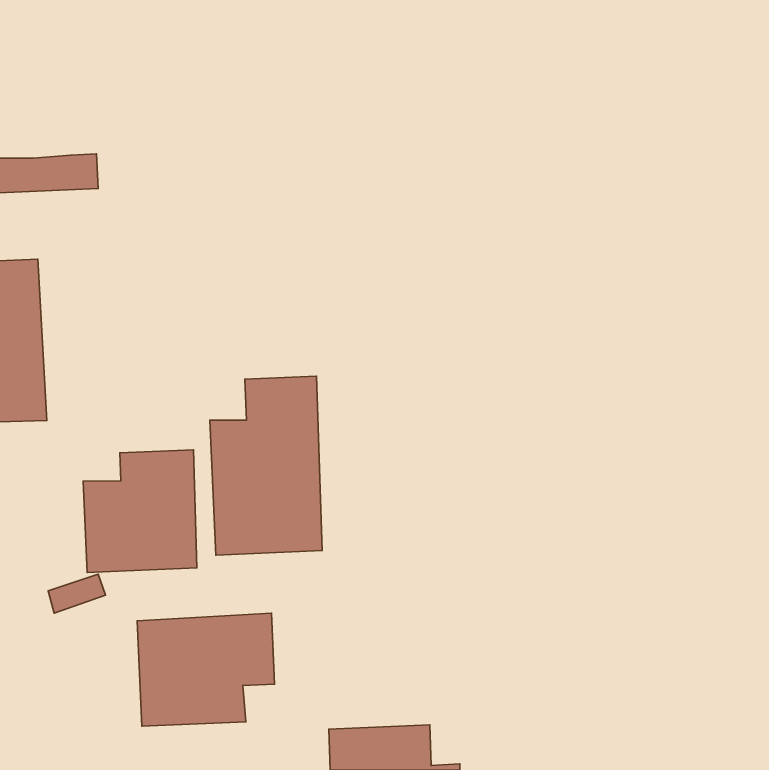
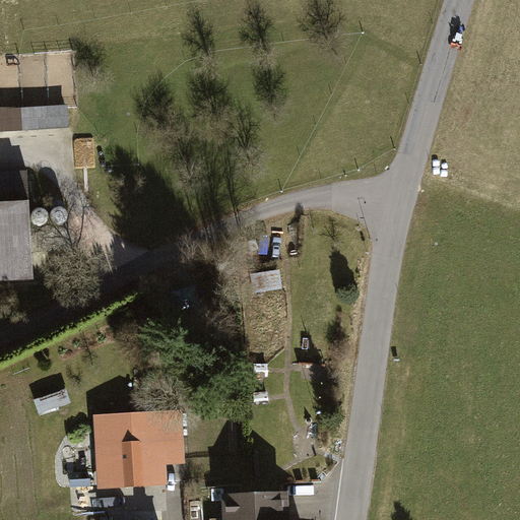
building: [210,376,322,555] -> none
building: [83,450,197,573] -> none

